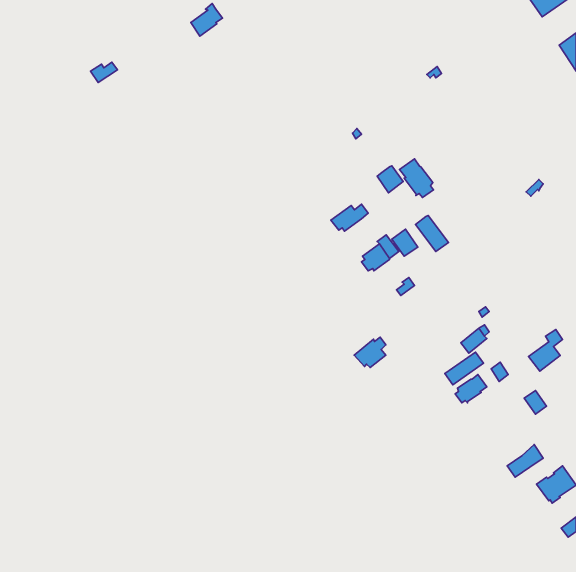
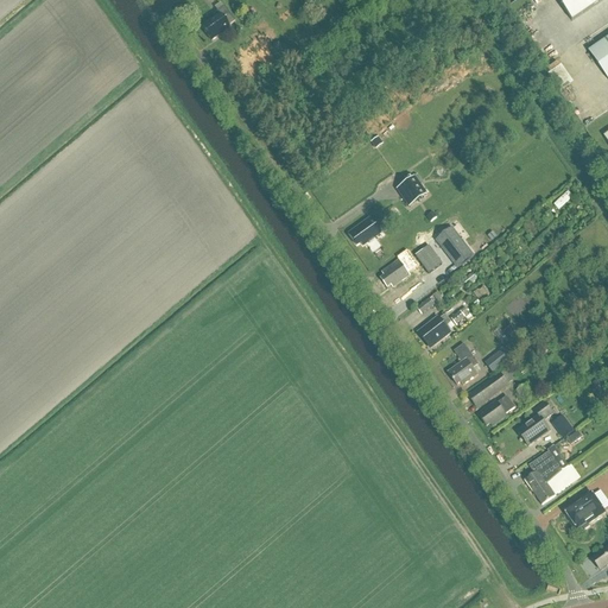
building: [400,159,433,198] -> none
building: none -> [446,342,477,382]
building: [529,329,562,371] -> [517,400,552,444]
building: [354,337,386,367] -> [418,311,451,343]
building: none -> [524,450,562,490]

